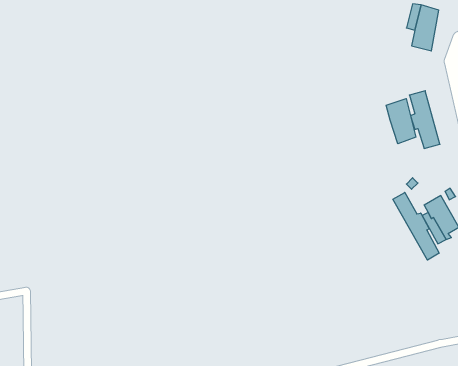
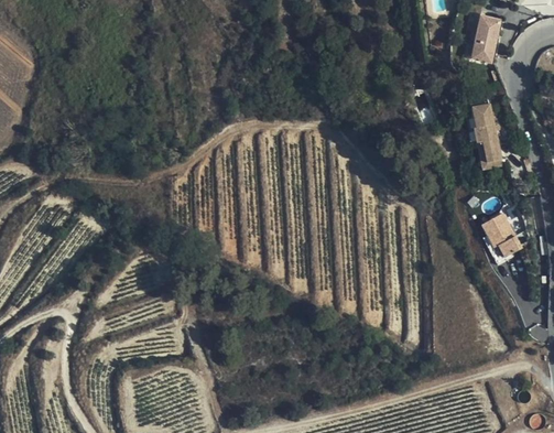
building: [386,99,416,144] -> none
building: [393,192,439,260] -> none

